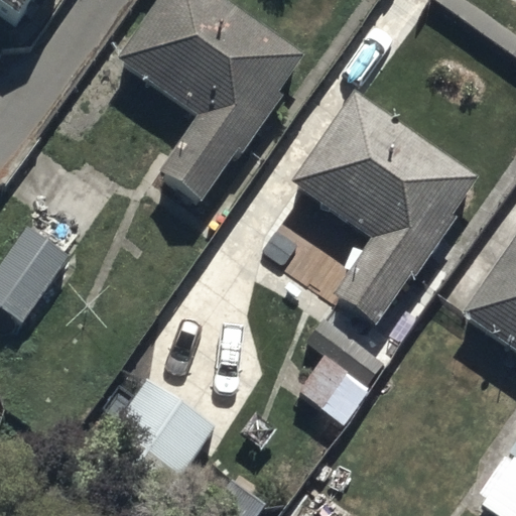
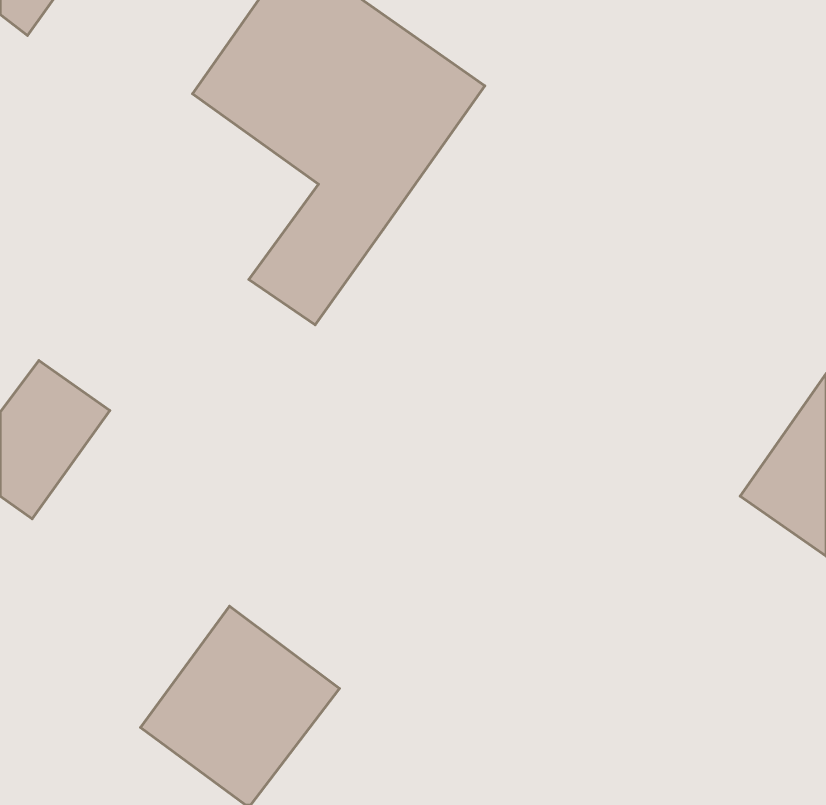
building: [295,95,478,328] -> none

